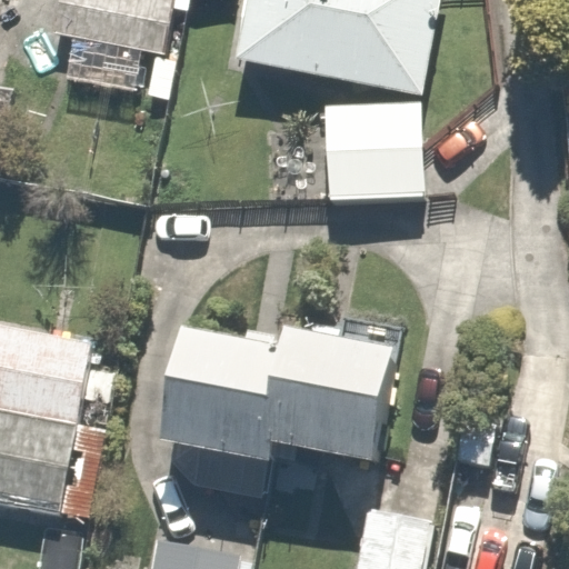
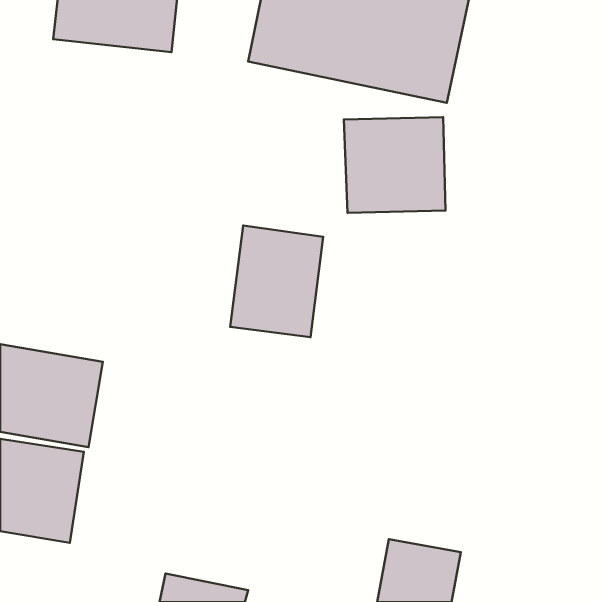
building: none -> [230,225,323,337]
building: [164,331,397,462] -> none

